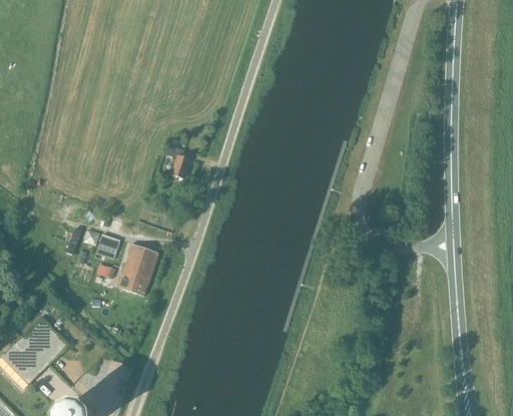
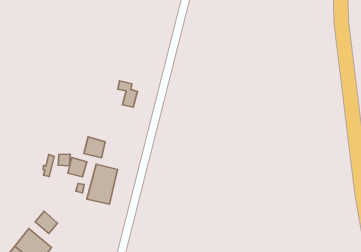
building: none -> [84,137,105,158]
building: none -> [35,211,57,233]

